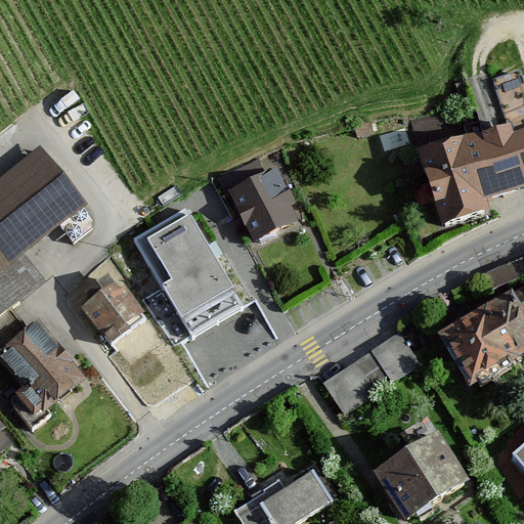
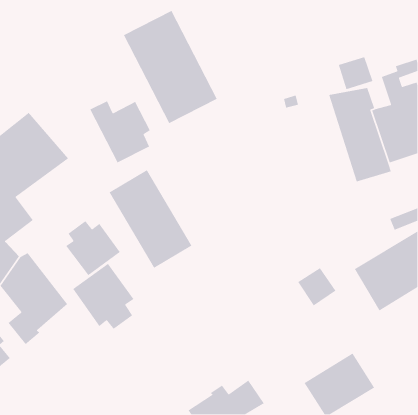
building: none -> [123,10,218,124]
building: none -> [338,56,373,90]
building: [219,165,296,244] -> [89,100,151,163]
building: none -> [72,263,135,330]
building: [322,351,390,413] -> none

